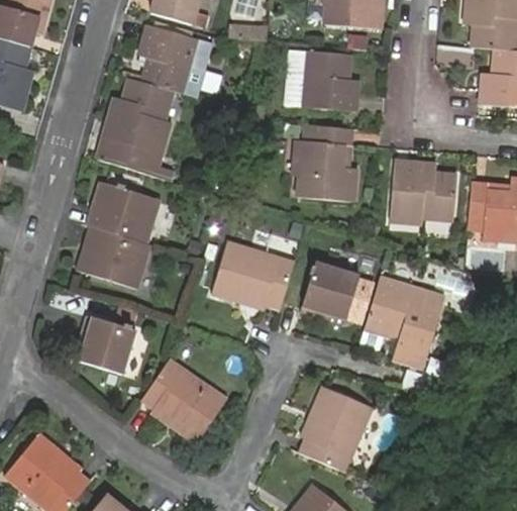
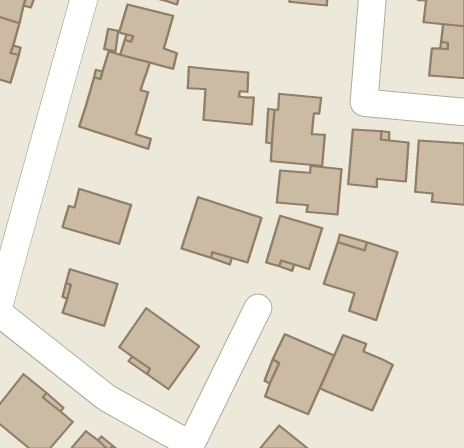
building: [285,49,356,112] -> [188,67,254,125]
building: [92,179,163,243] -> none
building: none -> [277,166,341,214]
building: none -> [320,335,393,410]

